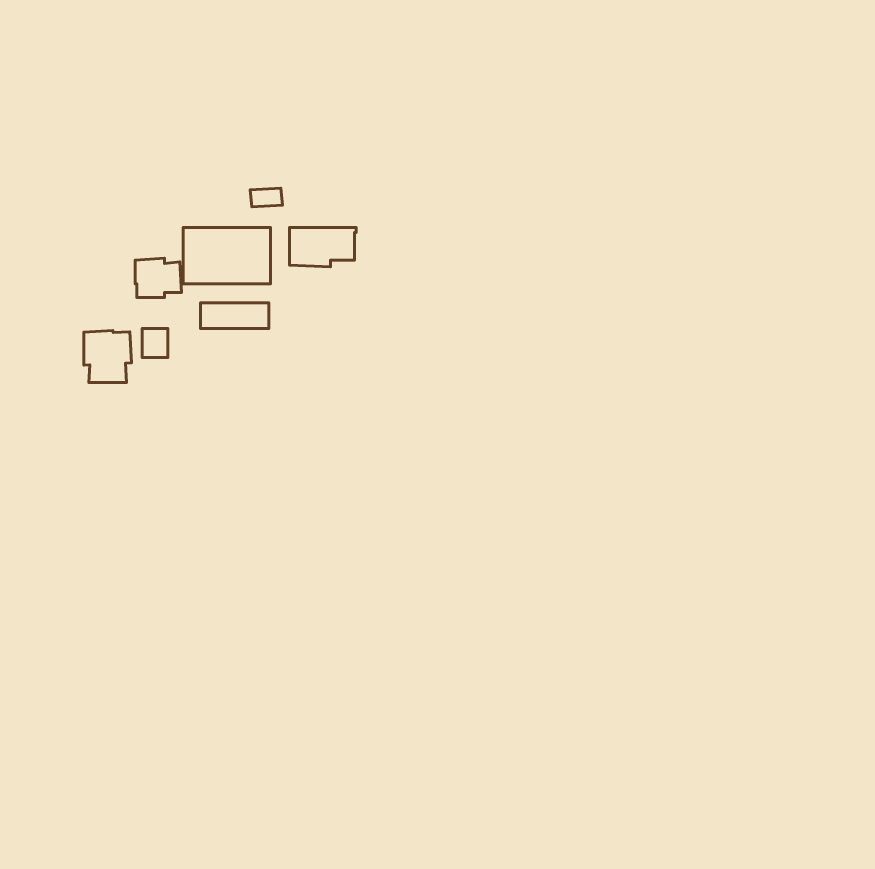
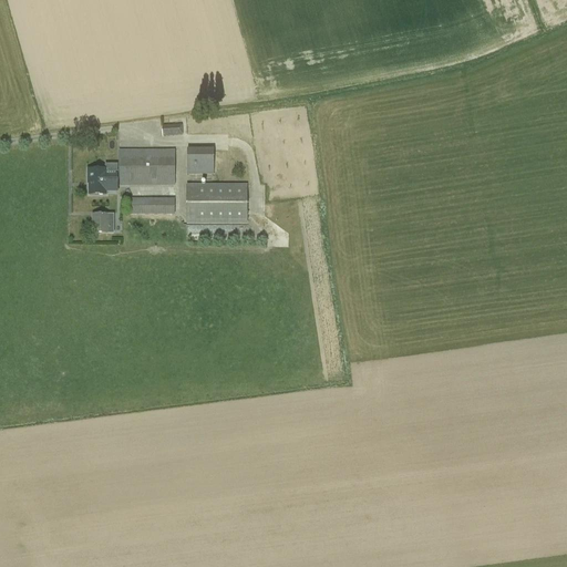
building: none -> [186,182,247,221]
building: [84,331,132,382] -> none

